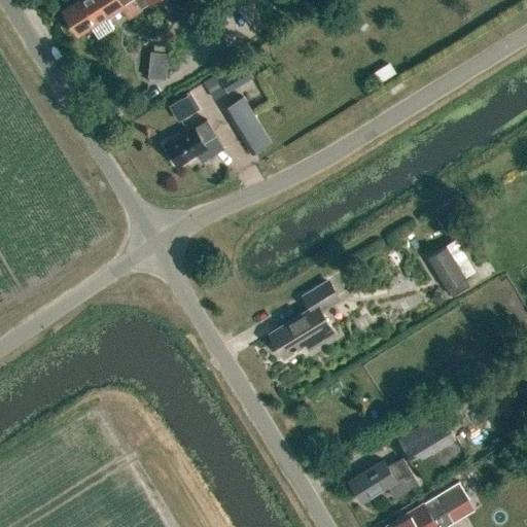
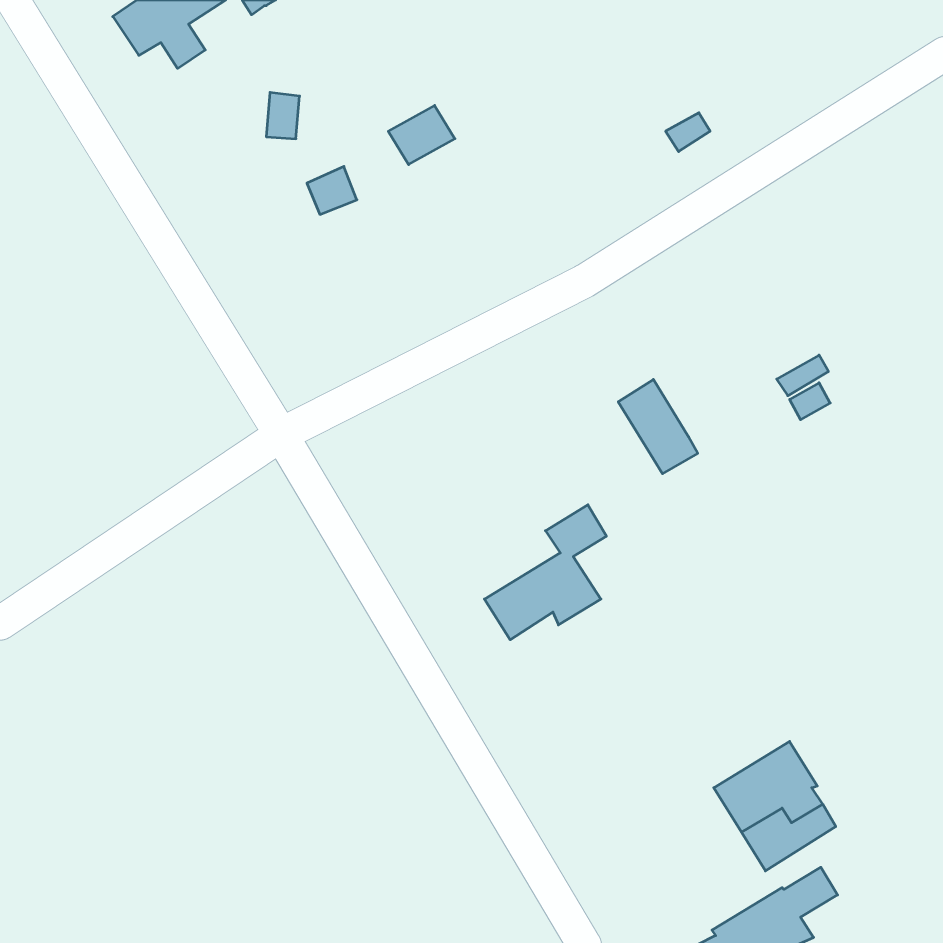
building: [226,97,271,152] -> none
building: [165,120,217,166] -> none
building: [427,244,471,296] -> [618,379,698,474]
building: [349,458,418,502] -> none

